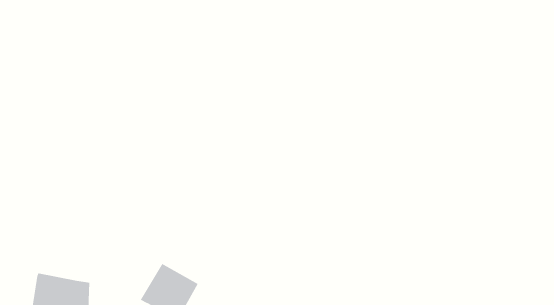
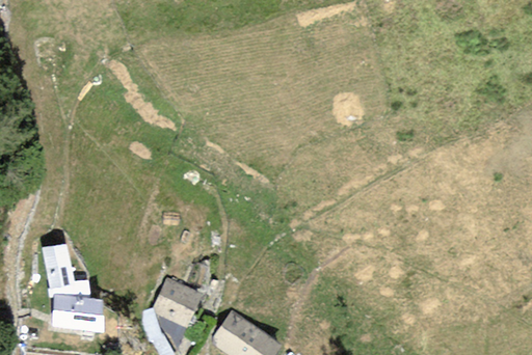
building: none -> [42,245,90,299]

